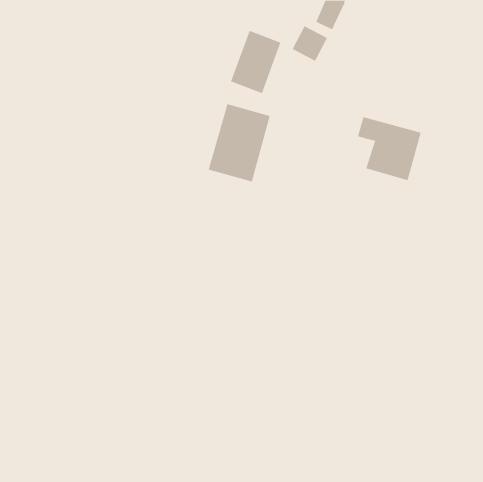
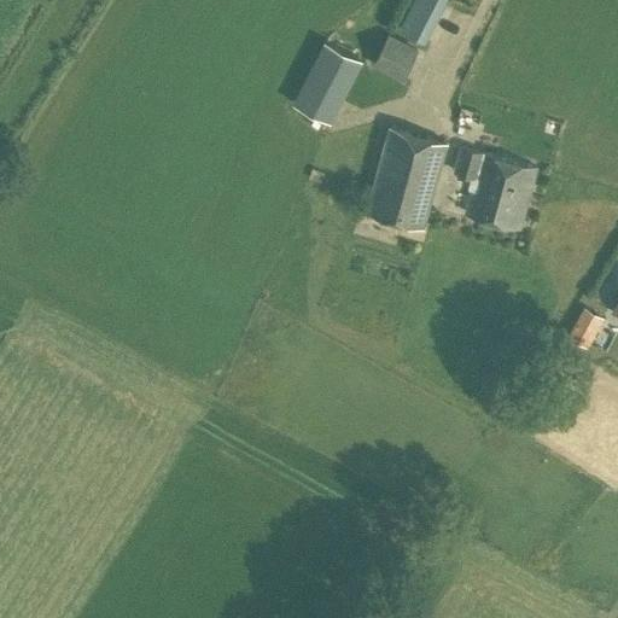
building: [208,104,270,182] -> [367,132,447,232]
building: none -> [567,308,604,349]

